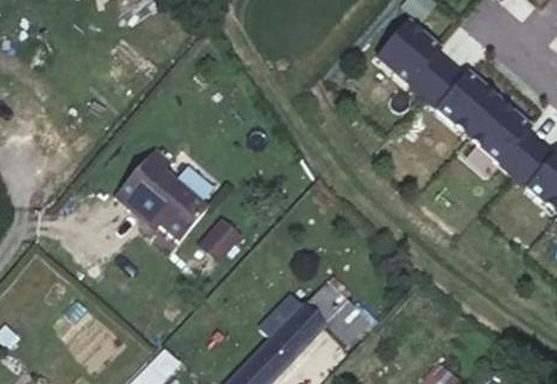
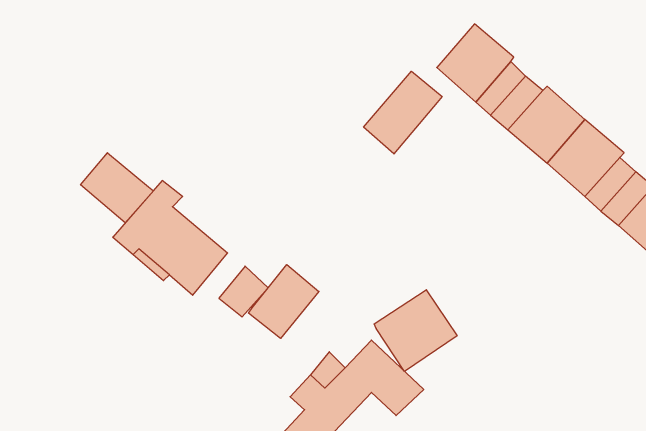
building: none -> [364,71,442,154]
building: none -> [81,153,153,223]
building: none -> [248,265,319,338]
building: none -> [374,290,457,371]

